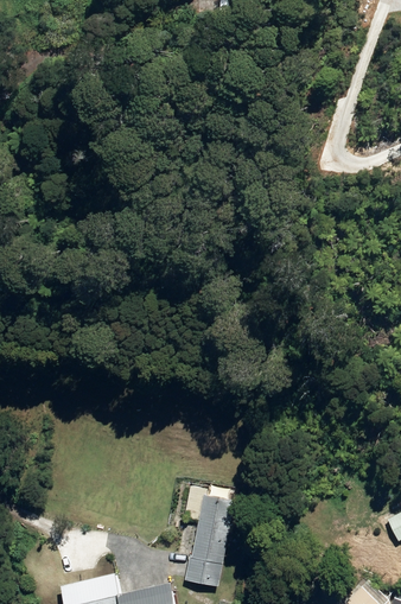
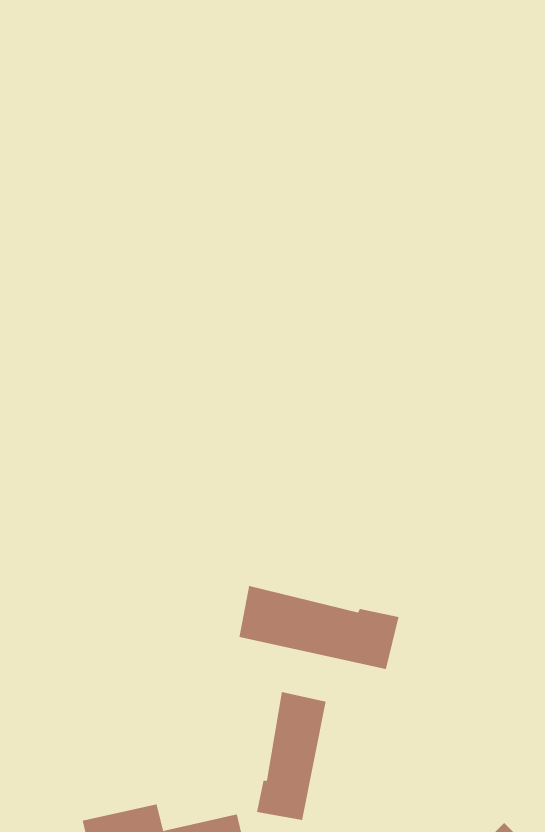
building: none -> [239,585,399,670]

